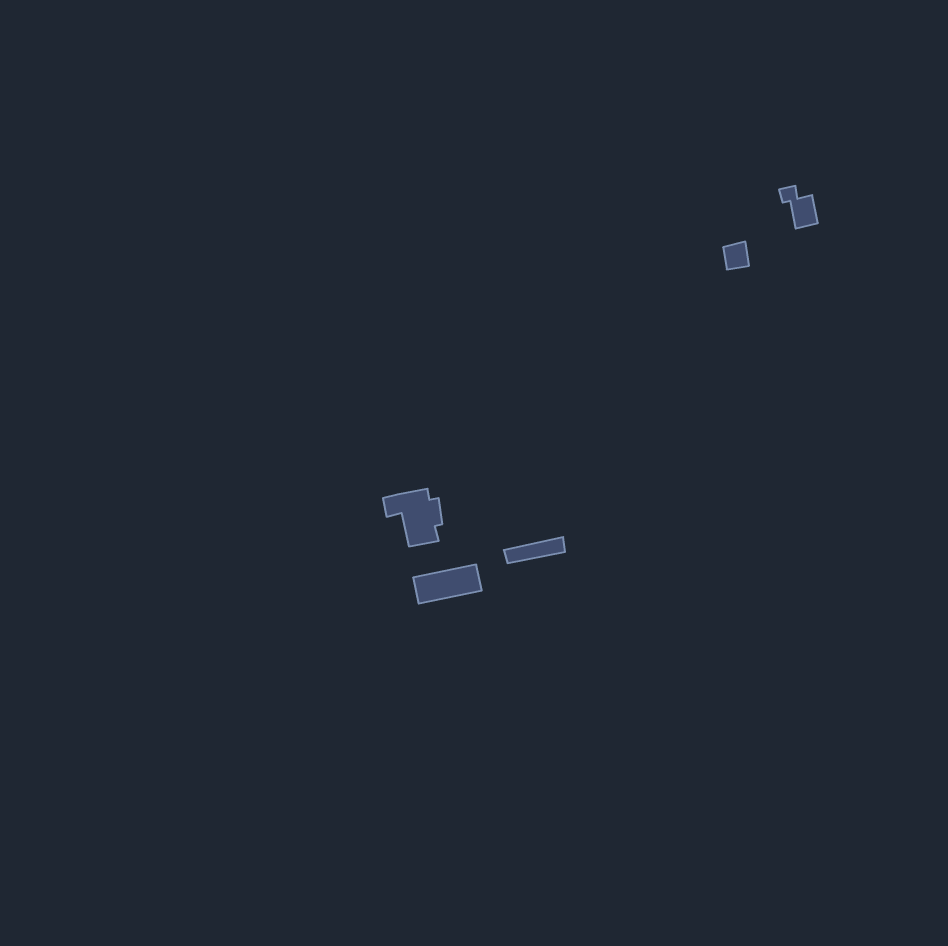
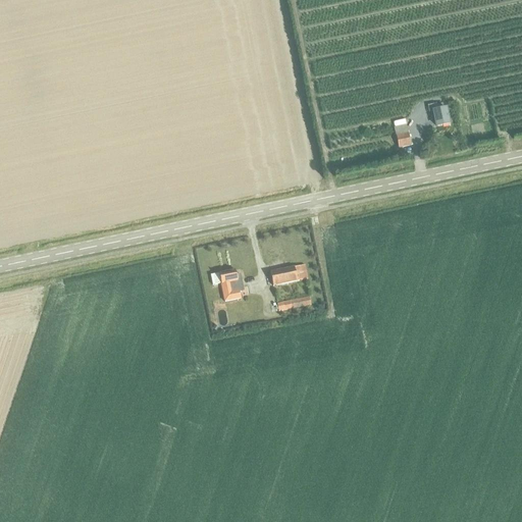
building: [413,565,482,604] -> [270,263,308,284]

